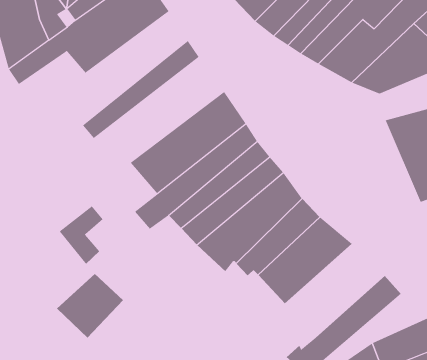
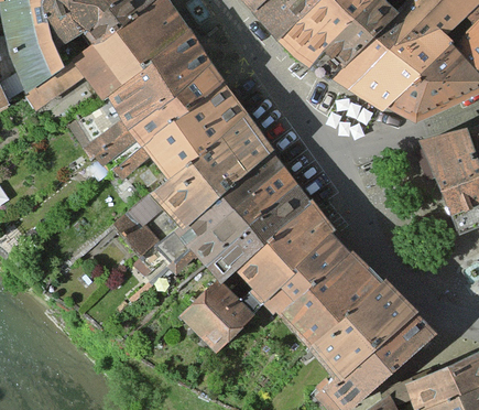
building: none -> [75,33,213,154]
building: none -> [112,82,251,180]
building: [59,206,103,265] -> [111,197,159,260]
building: none -> [315,280,421,379]
building: [56,273,124,339] -> [181,281,252,350]

